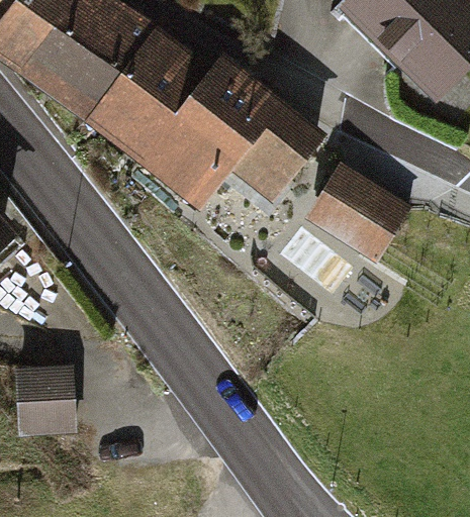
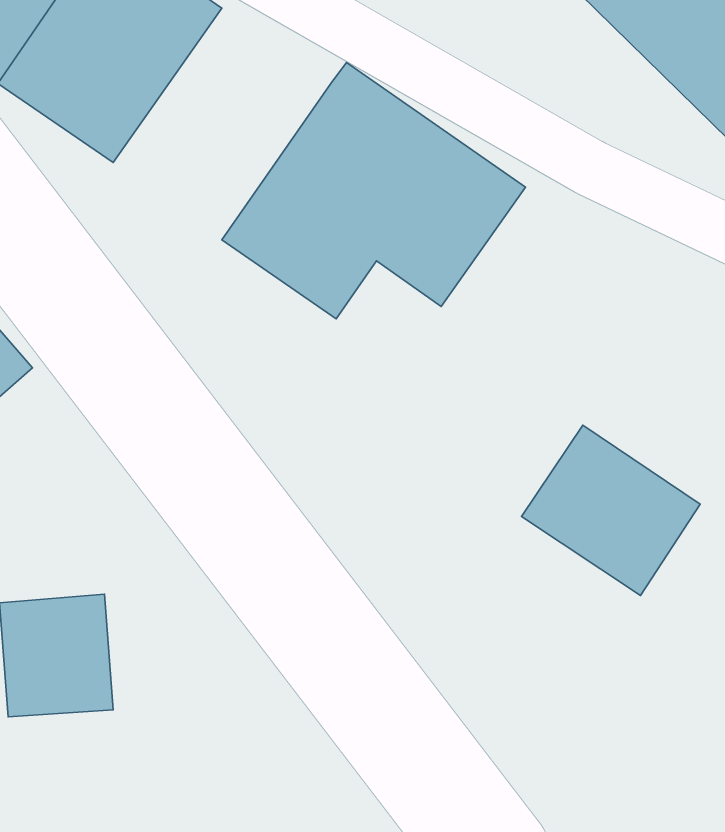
building: [81,27,206,161] -> none
building: [304,165,407,263] -> [521,425,700,595]

